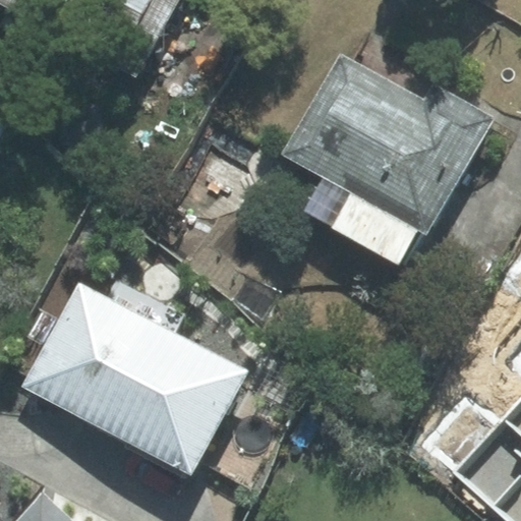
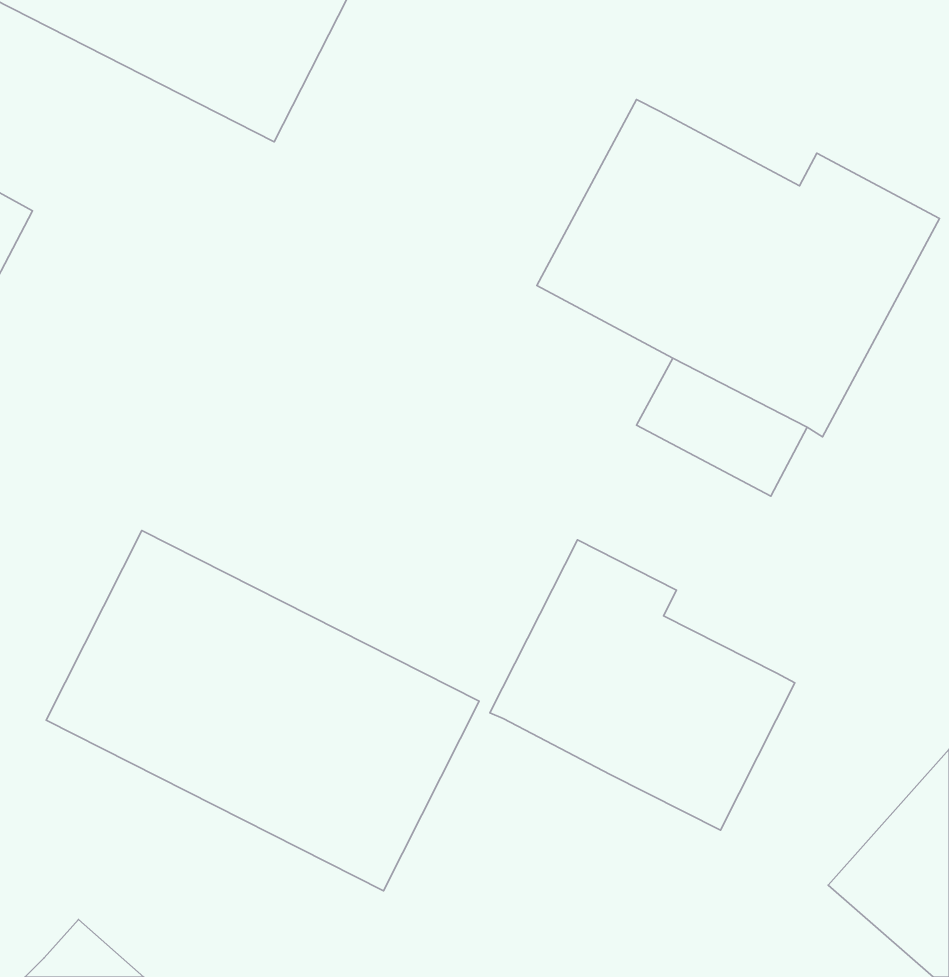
building: none -> [490,540,795,830]

